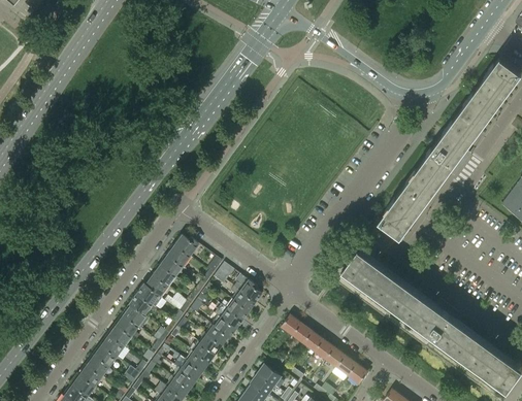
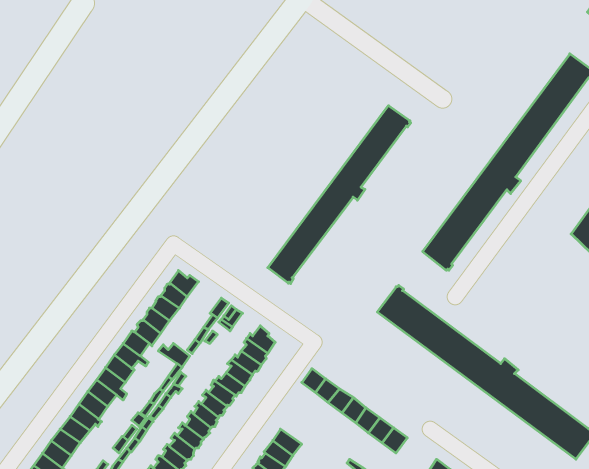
building: none -> [268,106,411,284]

